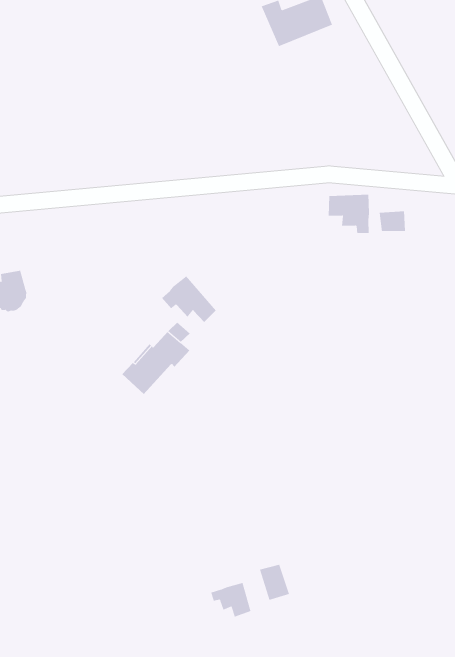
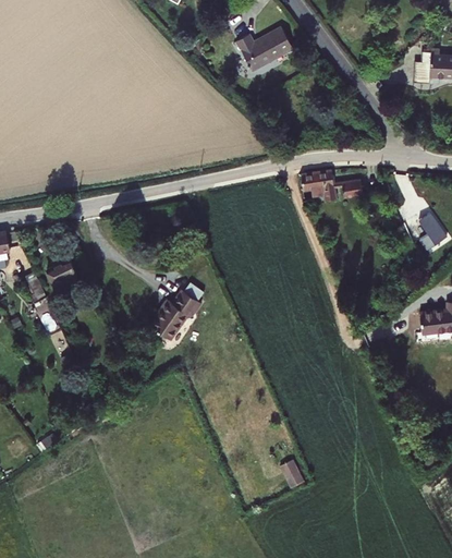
building: [161,275,216,323] -> none
building: [210,582,251,617] -> none

